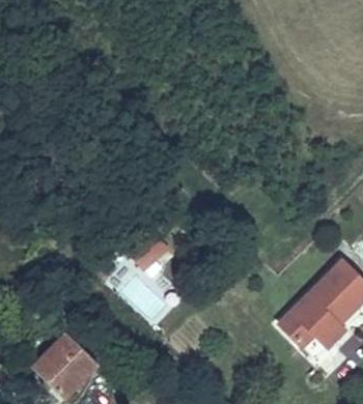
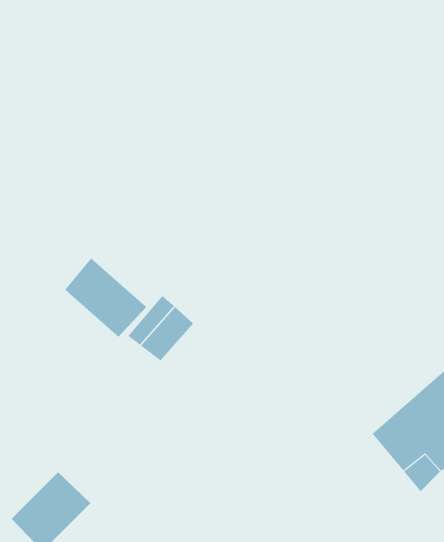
building: none -> [64,258,147,337]

